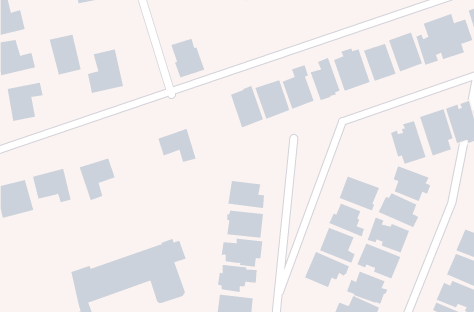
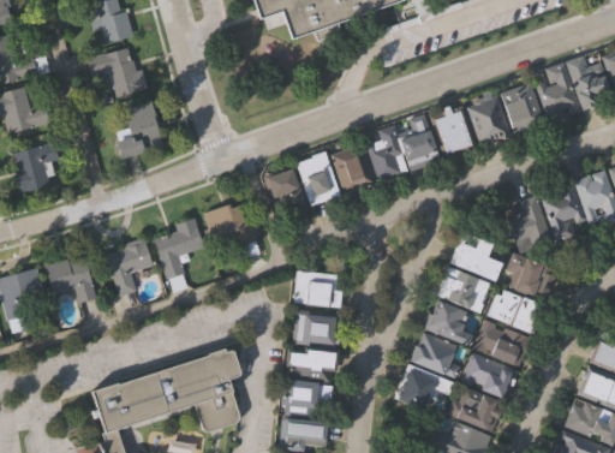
building: [49,34,82,75] -> [102,48,144,101]
building: [171,38,205,78] -> [264,166,309,217]
building: none -> [155,220,203,282]
building: none -> [455,238,502,278]

